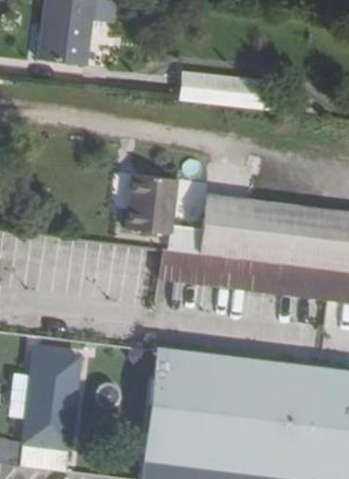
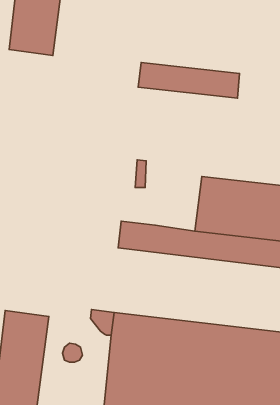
building: [126,172,177,234] -> none
building: [199,192,251,259] -> none

